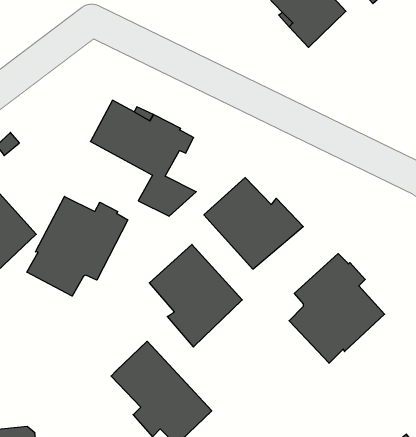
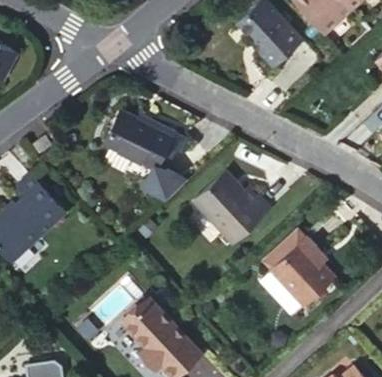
building: [27,196,128,296] -> none
building: [149,244,242,347] -> none

